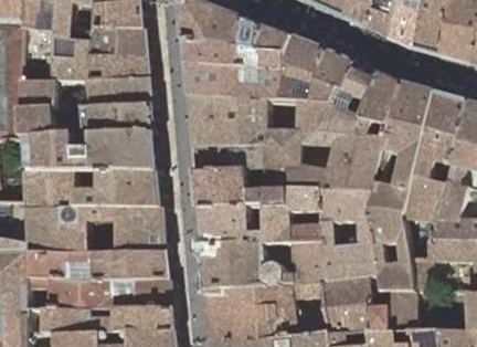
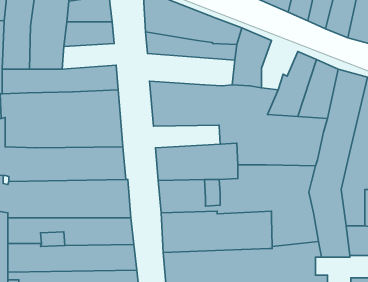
building: [314,52,354,107] -> none
building: [89,55,150,84] -> none
building: [186,66,284,103] -> none
building: [192,147,267,172] -> none

